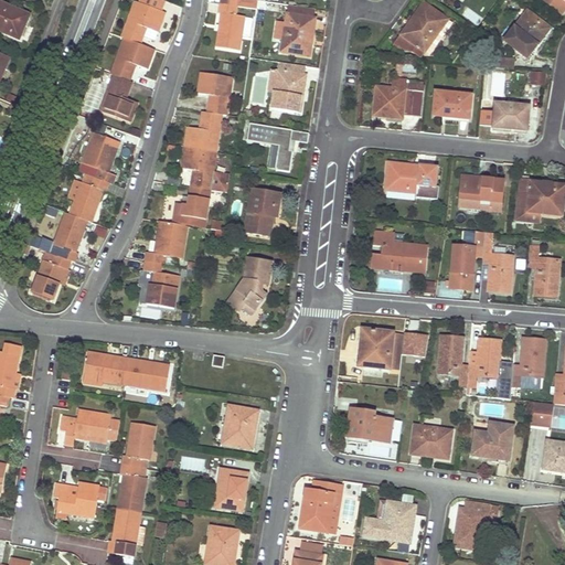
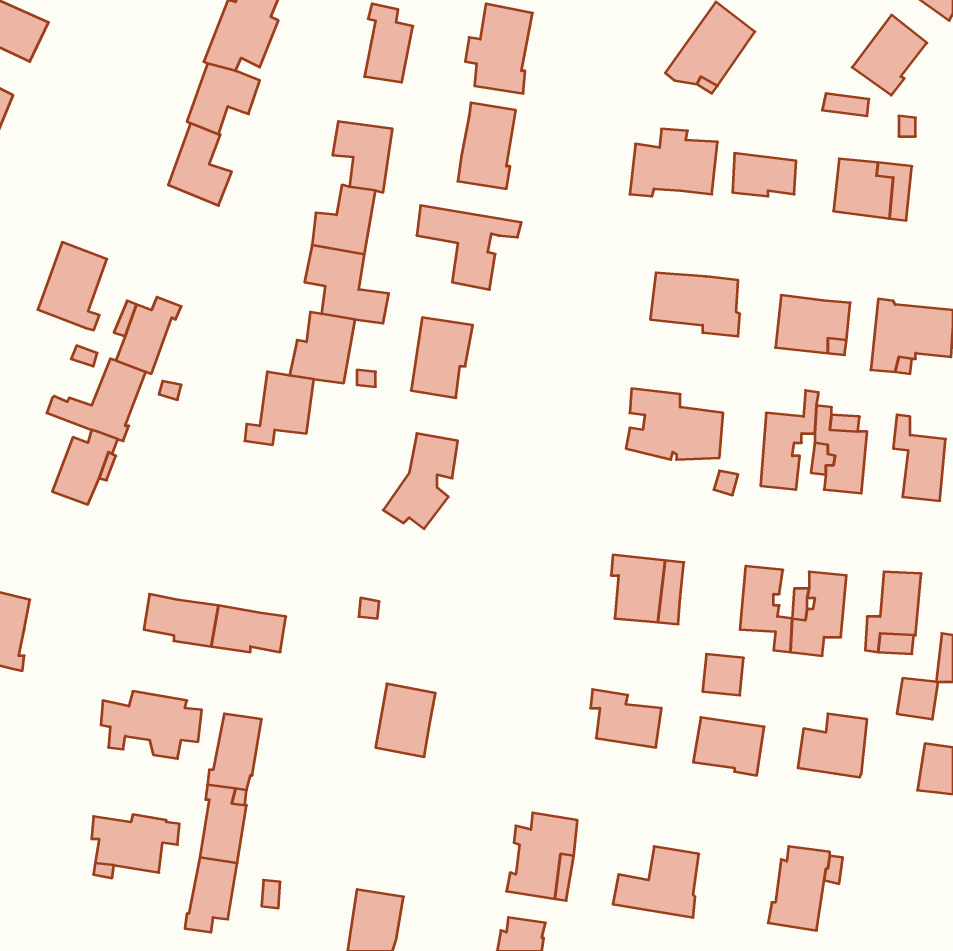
building: [78,130,119,182] -> [38,242,107,330]
building: [142,260,178,306] -> none
building: [402,331,426,355] -> [703,654,744,695]
building: [214,467,248,510] -> none

